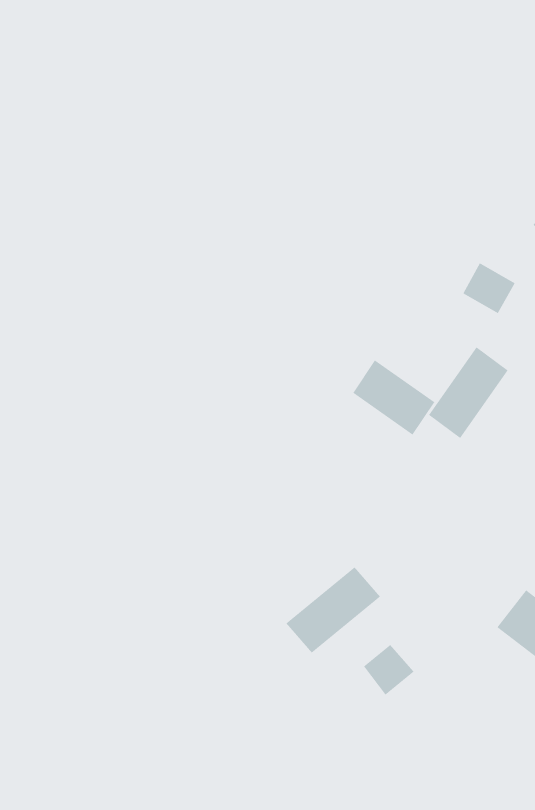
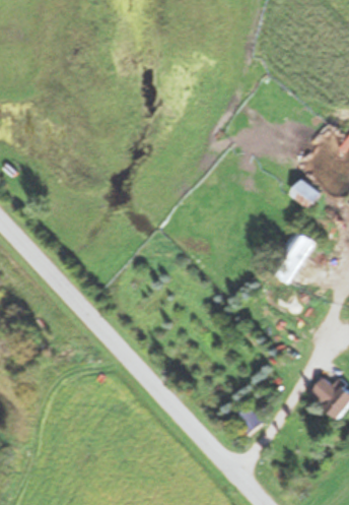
building: [352,360,435,435] -> none
building: [286,566,381,654] -> none

